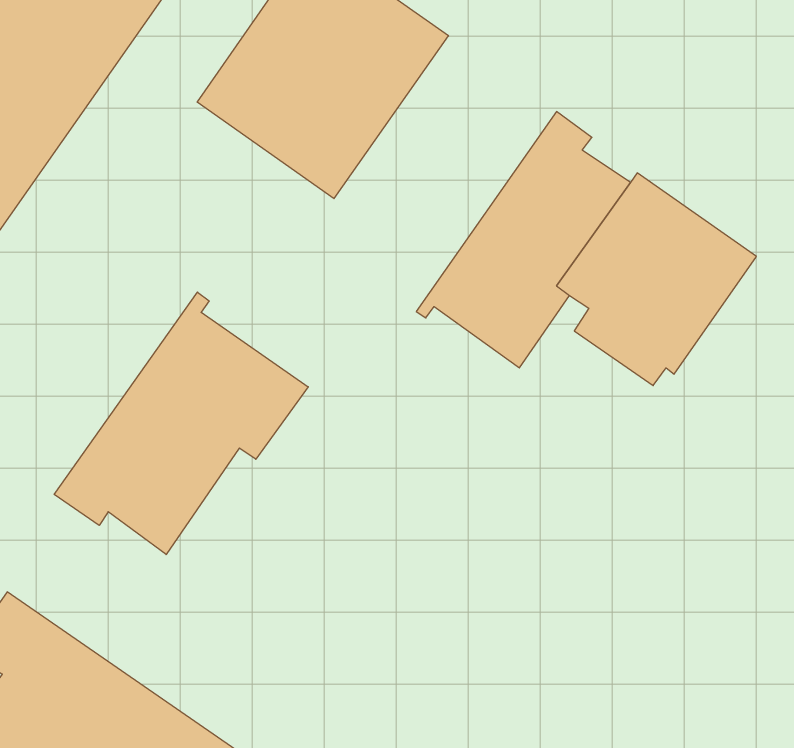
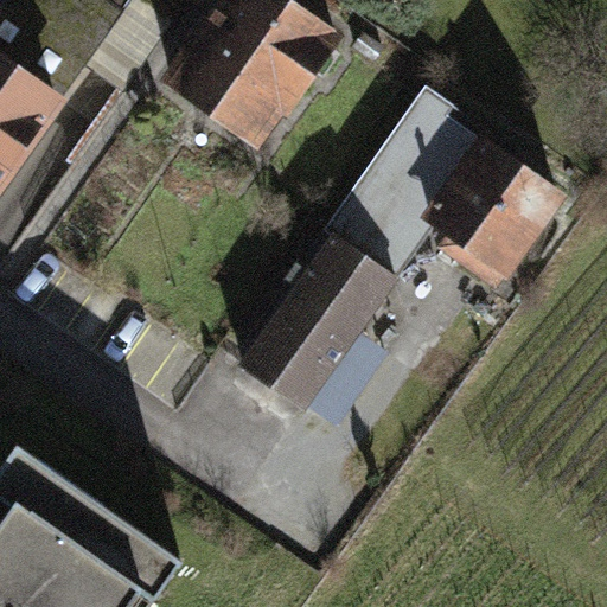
building: [54,292,308,555] -> none
building: none -> [235,232,396,432]

